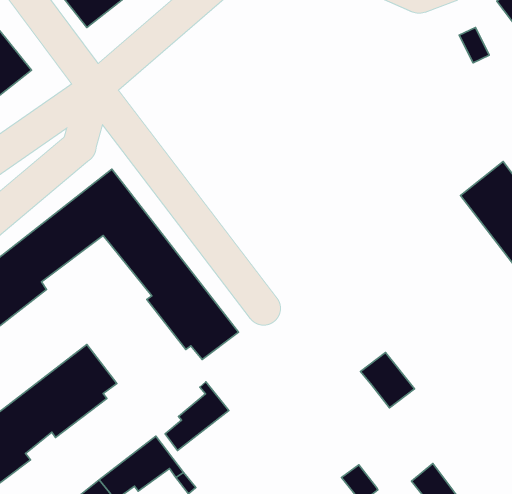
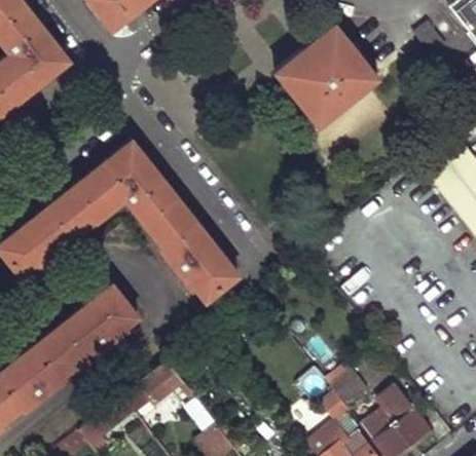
building: none -> [278,24,378,123]
building: [361,353,415,408] -> [326,358,370,404]
building: [165,382,229,450] -> none

